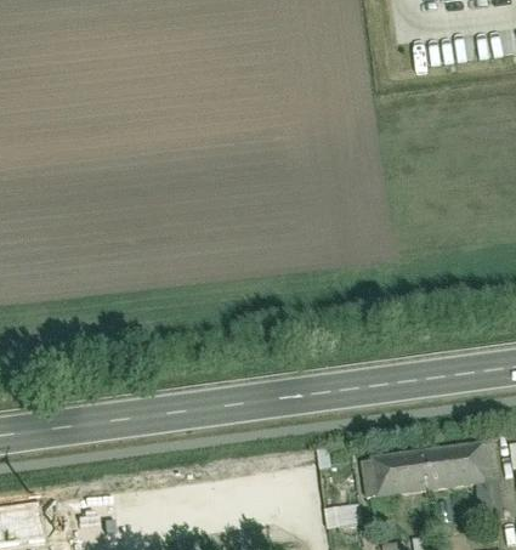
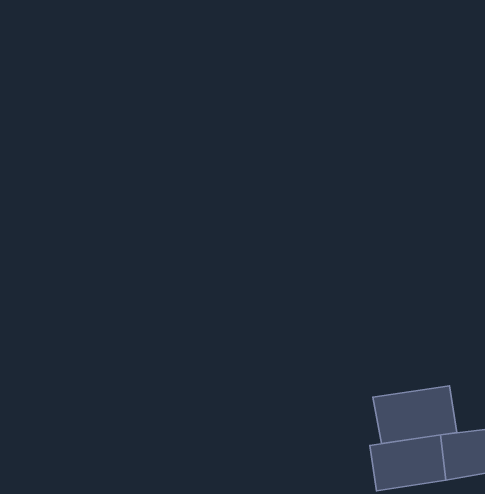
building: none -> [373,386,457,444]

